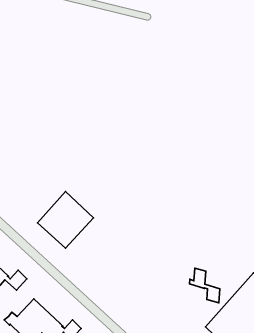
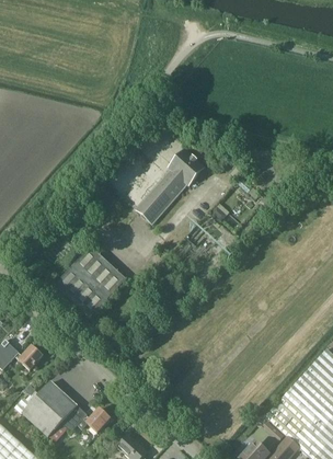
building: none -> [135,149,204,222]
building: [190,268,220,303] -> none

